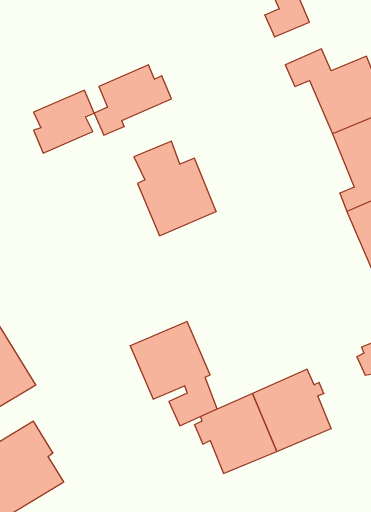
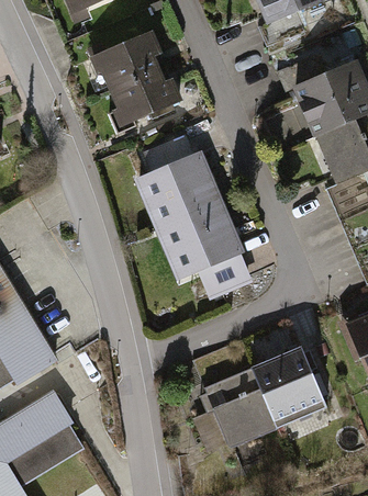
building: [34,90,94,153] -> [104,33,159,90]
building: [130,321,217,426] -> [168,203,247,297]

